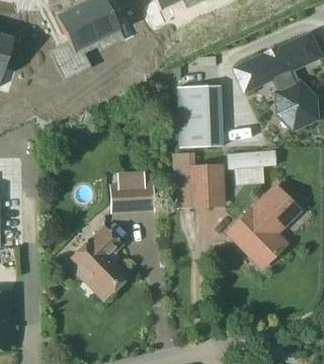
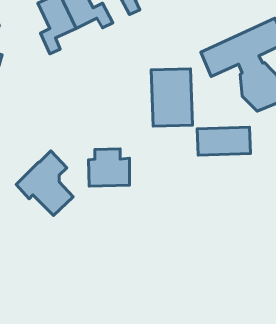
building: [194,164,225,208] -> none
building: [239,187,297,266] -> none
building: [66,226,128,296] -> [16,151,73,216]

